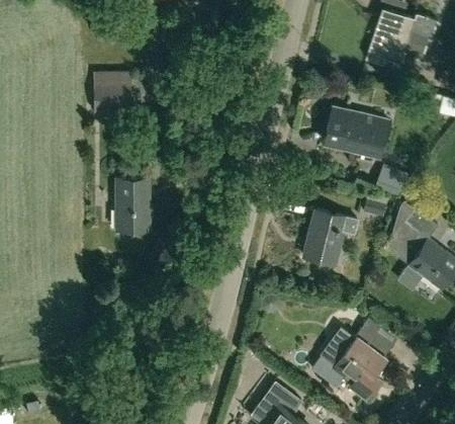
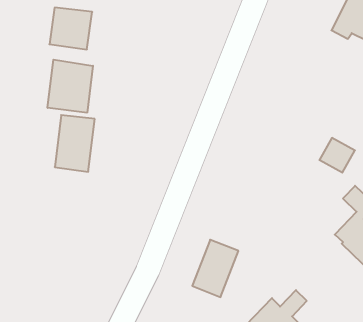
building: [324,108,388,157] -> none
building: none -> [48,60,93,113]
building: [304,210,345,265] -> [192,240,238,297]

